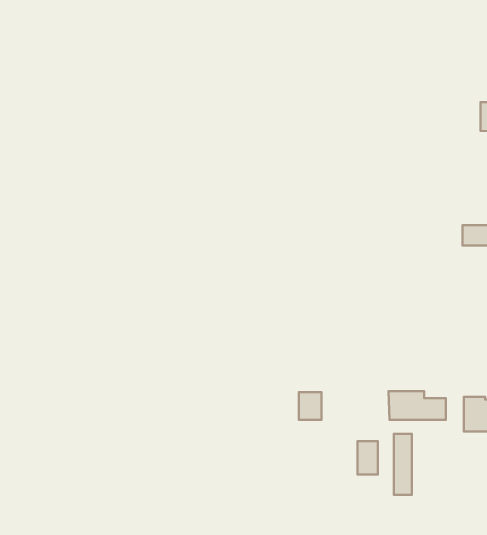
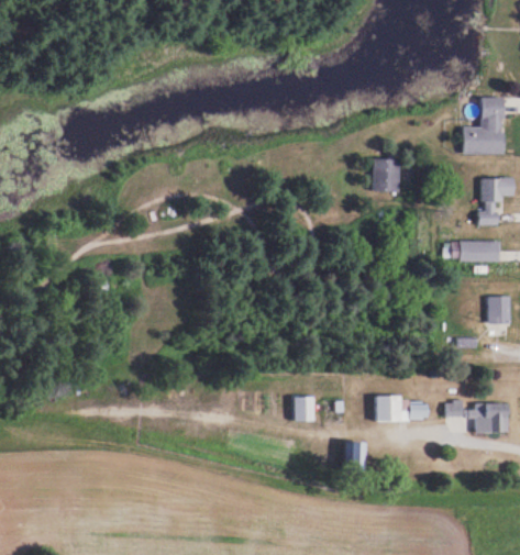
building: none -> [373,159,399,192]
building: [394,434,412,495] -> none

